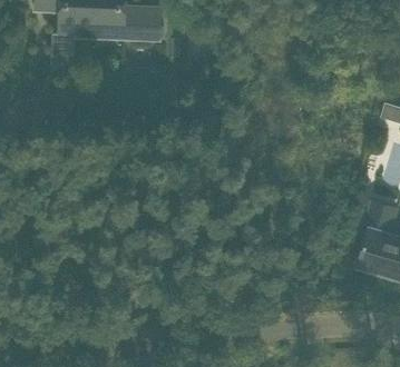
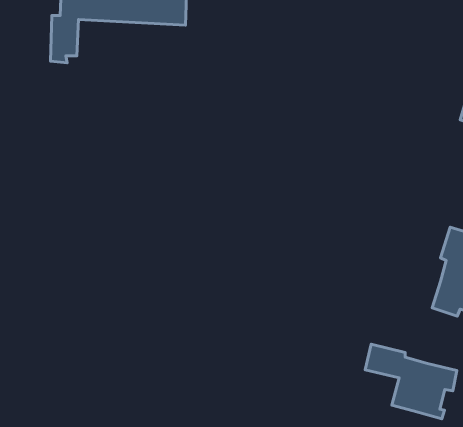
building: none -> [365,344,457,419]

